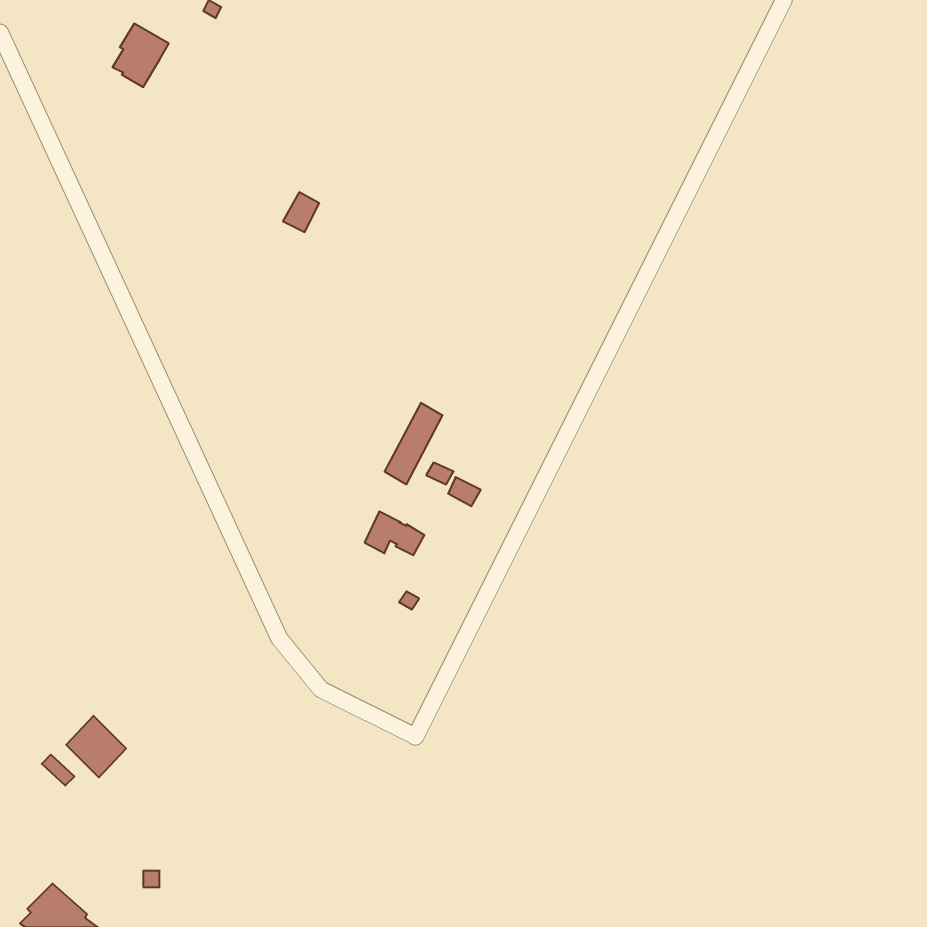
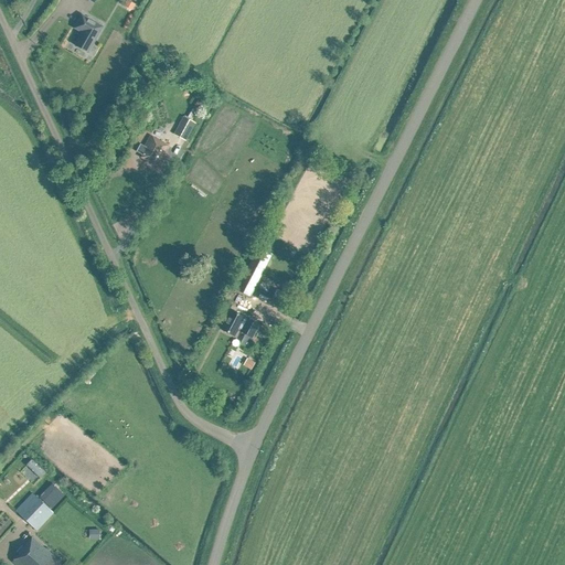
building: none -> [141,137,168,167]
building: [66,716,126,777] -> [17,493,53,531]

